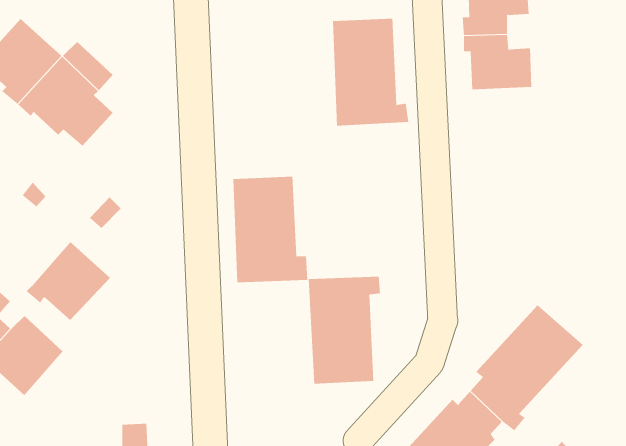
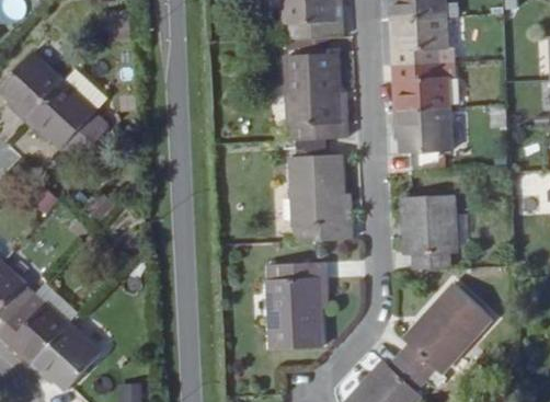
building: none -> [394,108,451,152]
building: [232,176,308,283] -> [291,154,353,241]
building: none -> [405,194,456,269]
building: [26,241,111,321] -> [33,323,102,388]

